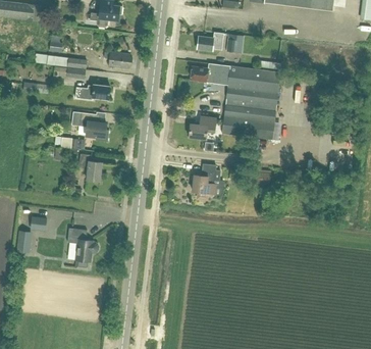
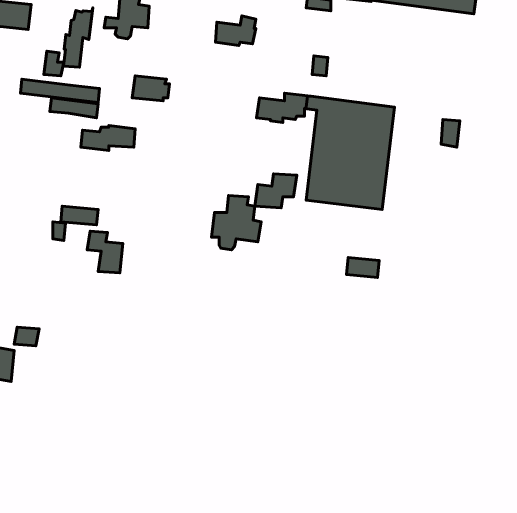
building: none -> [63,8,93,67]
building: [196,31,222,50] -> [215,16,256,45]
building: [71,111,107,140] -> none
building: [191,163,223,199] -> [211,195,261,250]
building: [67,228,97,268] -> none

